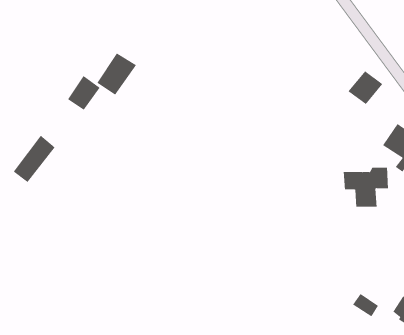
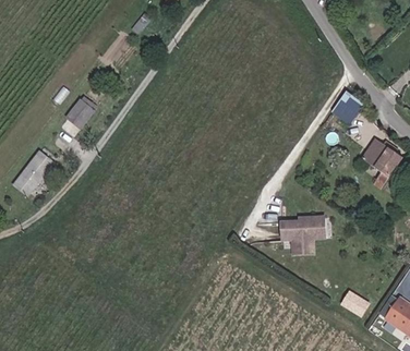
building: [97,52,137,96] -> none
building: [343,167,389,207] -> [285,215,328,253]

